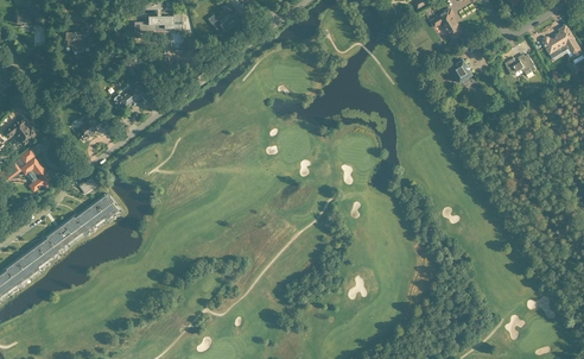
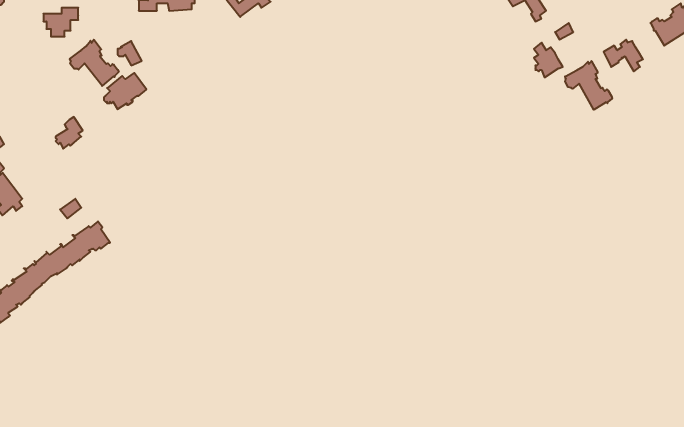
building: none -> [70,40,119,86]
building: none -> [565,61,612,110]

